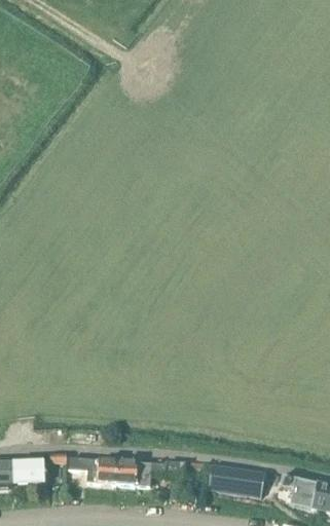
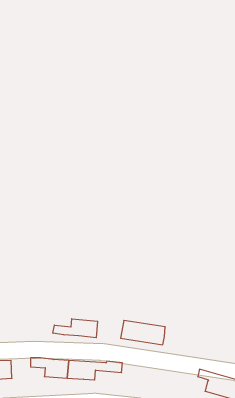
building: none -> [53,319,98,338]
building: [207,463,263,494] -> [121,320,165,345]

